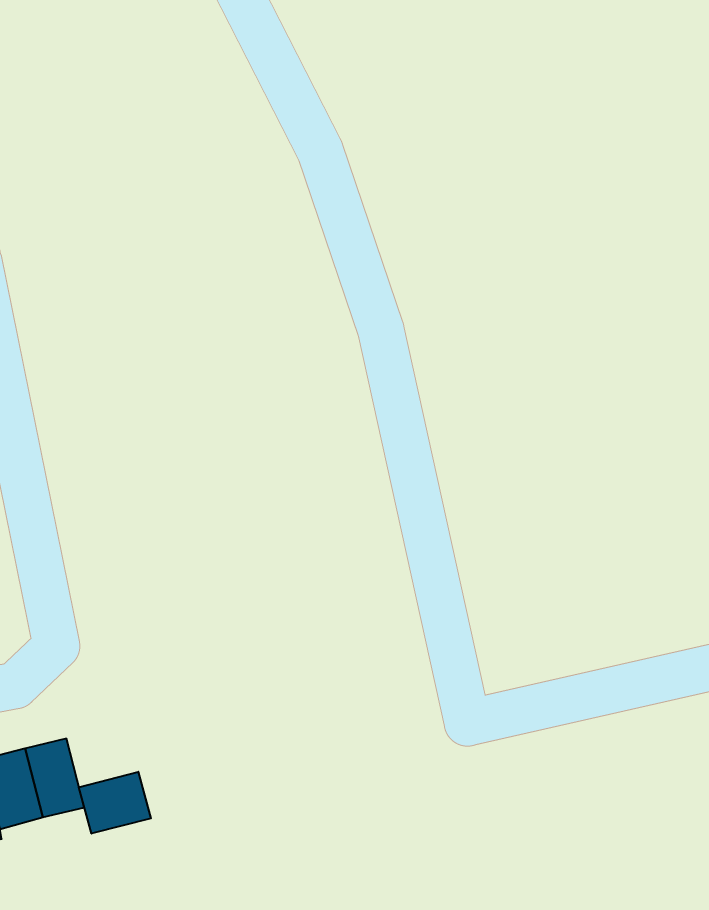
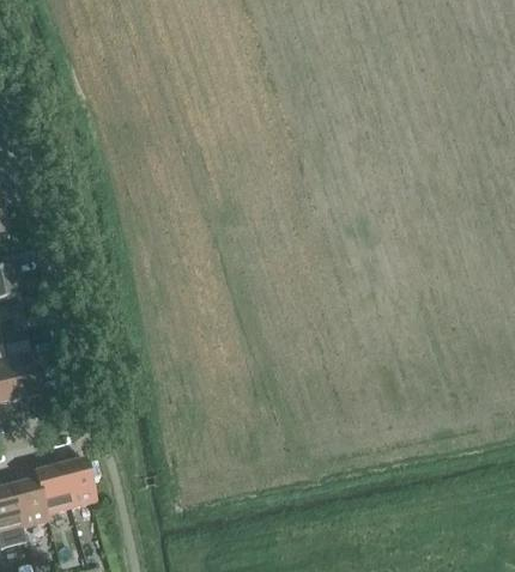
building: [79,772,151,834] -> none

